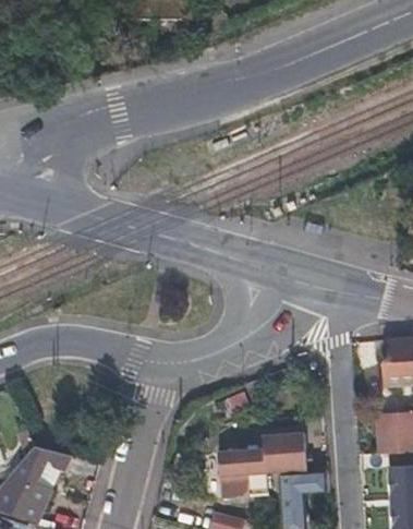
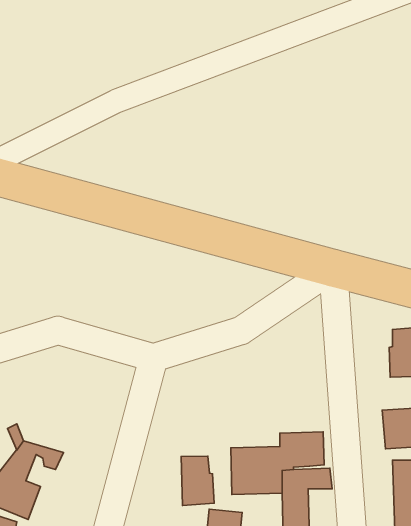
building: none -> [181,456,214,505]

